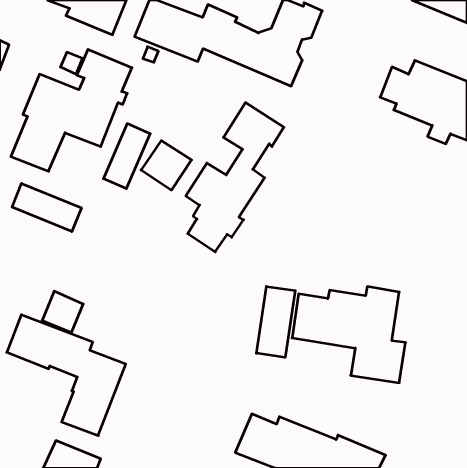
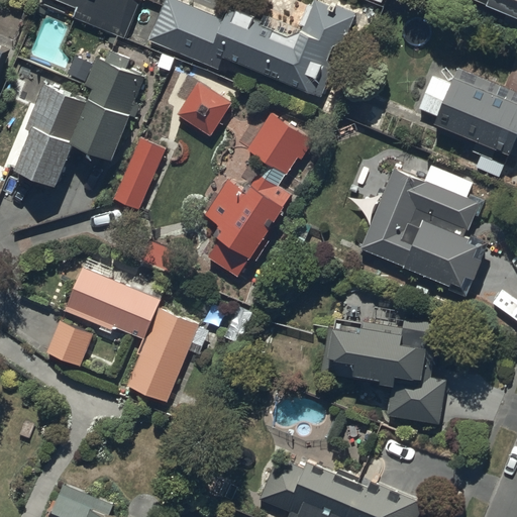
building: [141,141,192,190] -> [177,82,232,136]
building: none -> [359,169,488,297]
building: [12,183,81,232] -> none
building: [256,286,295,357] -> none
building: [7,315,126,436] -> [66,271,197,404]

